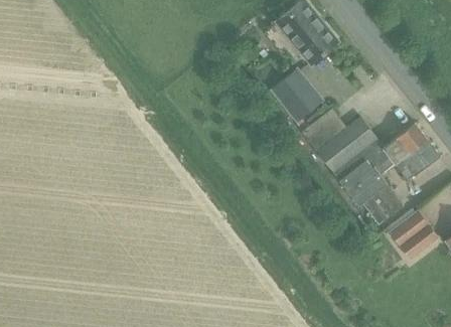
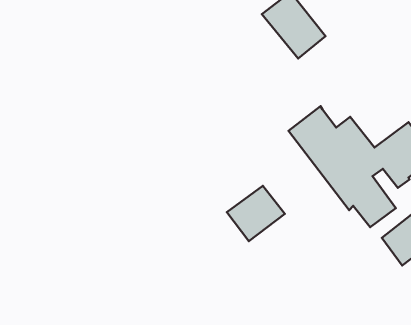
building: [272,70,320,120] -> none
building: none -> [227,186,285,241]

